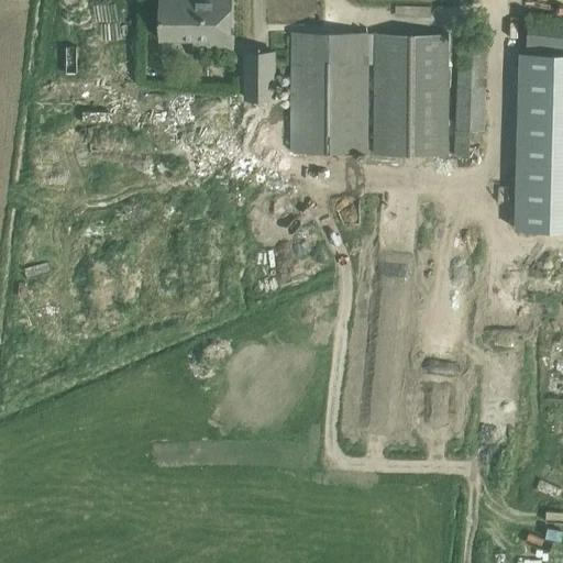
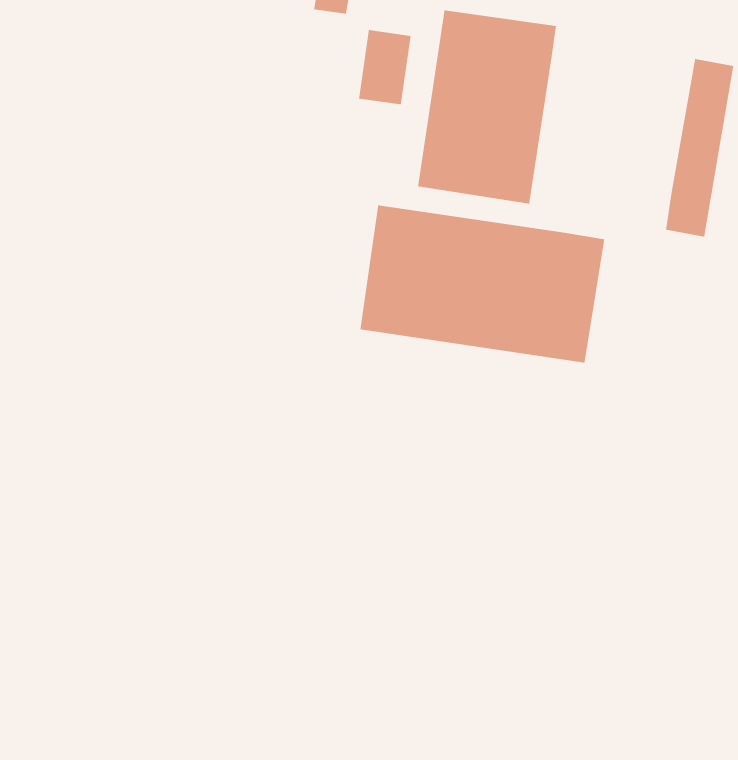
building: [375,34,448,156] -> none
building: none -> [359,204,605,364]

